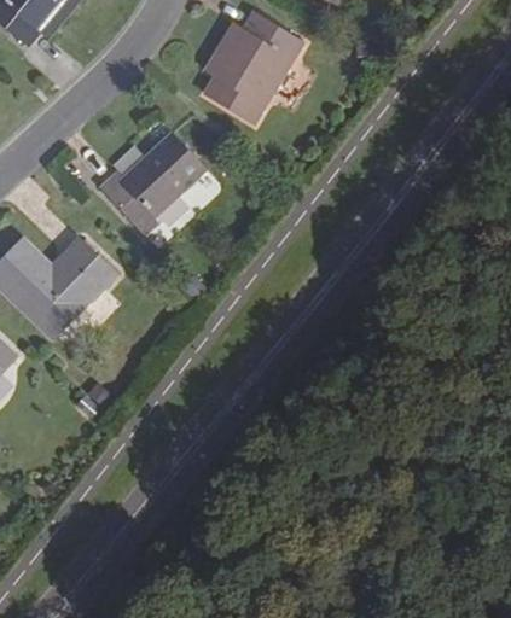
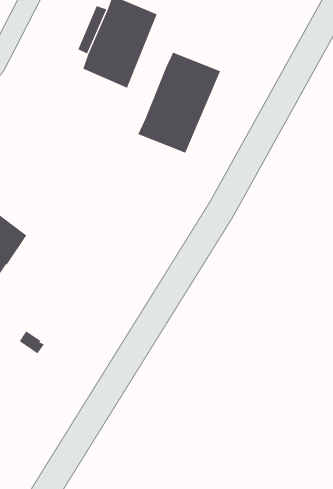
building: none -> [138,52,221,153]
building: [101,134,205,233] -> none

